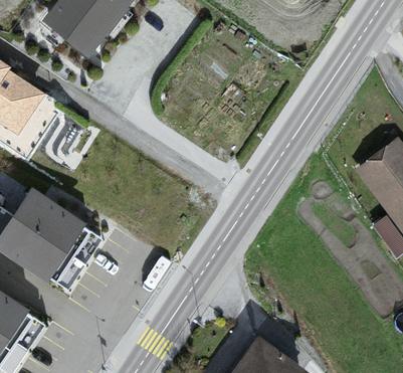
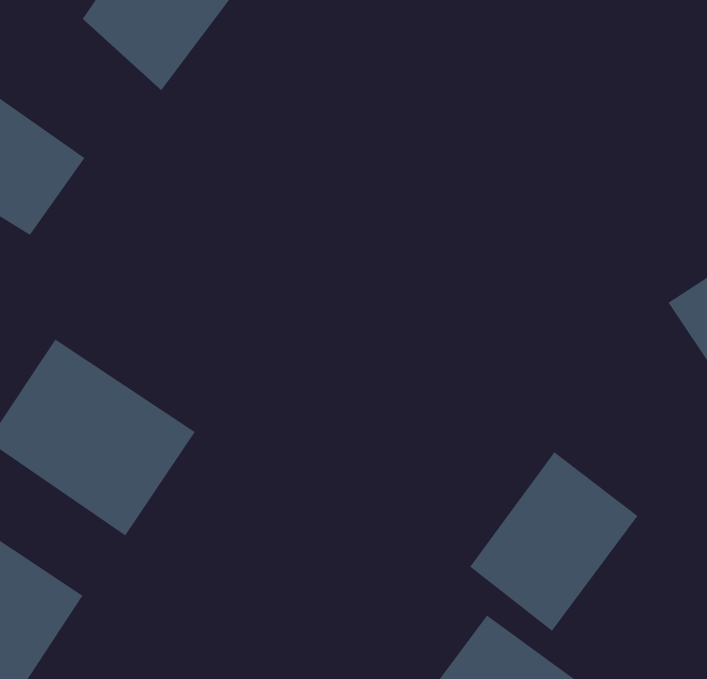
building: none -> [469,451,639,632]

